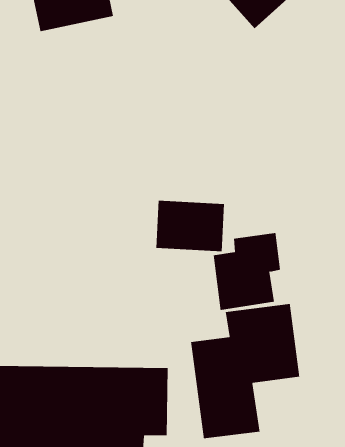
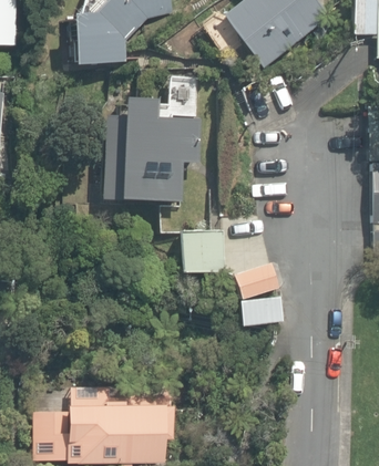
building: none -> [101,84,201,200]
building: [190,303,300,439] -> none

